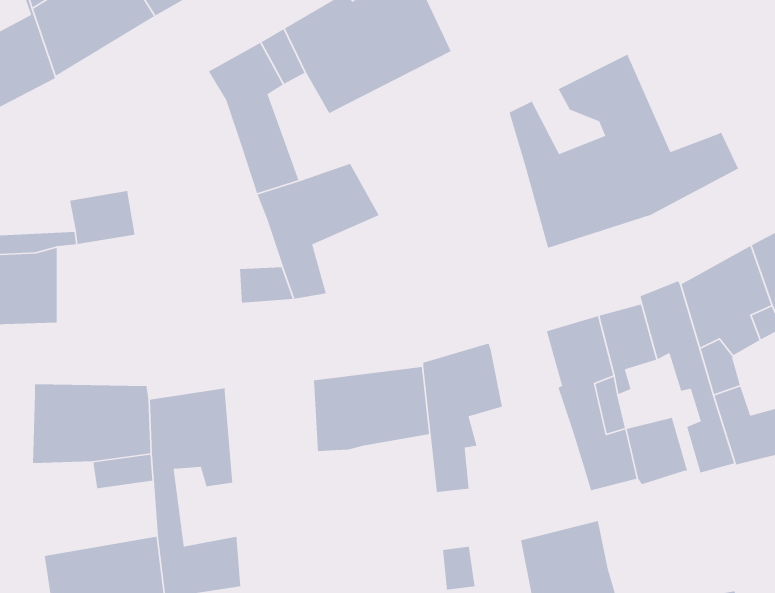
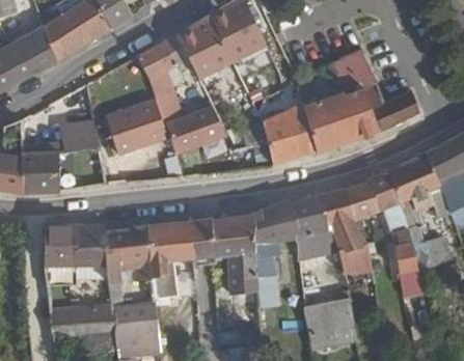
building: none -> [111,99,169,152]
building: none -> [266,108,319,165]
building: none -> [289,196,332,260]
building: none -> [147,222,196,284]
building: none -> [221,251,261,295]

